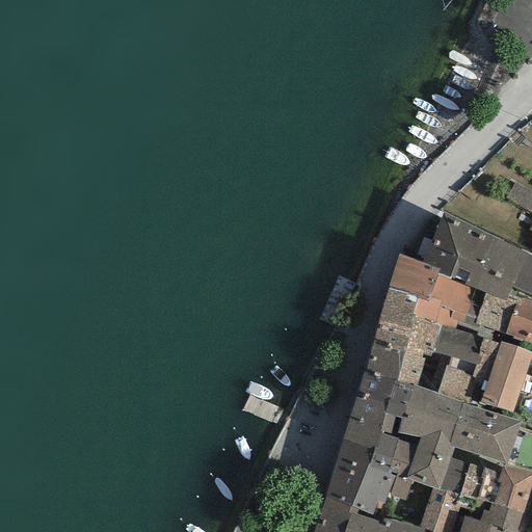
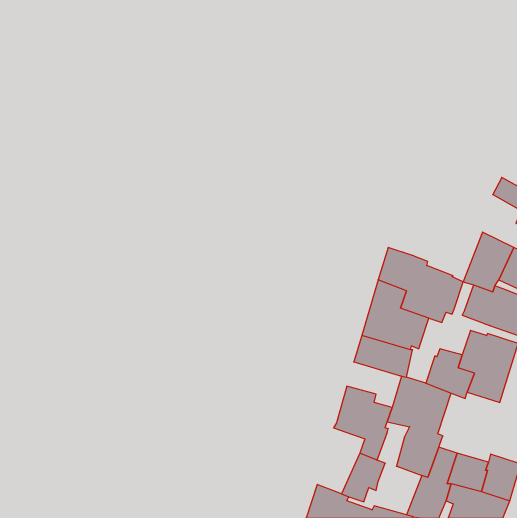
building: [424,215,496,289] -> none
building: [432,317,503,364] -> none
building: [356,371,413,418] -> none
building: [450,403,521,463] -> none
building: [388,432,421,501] -> none
building: [326,438,375,506] -> none

